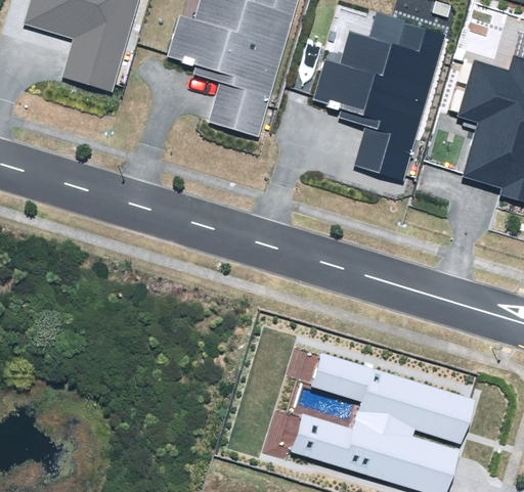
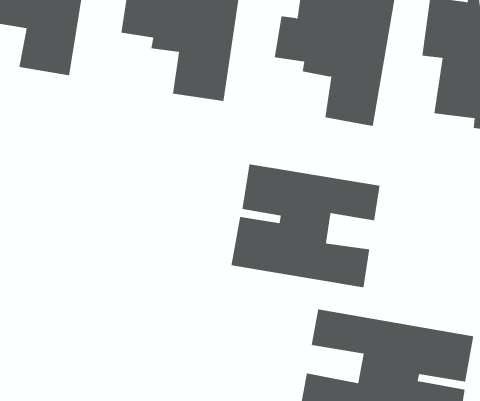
building: none -> [231,164,380,288]

